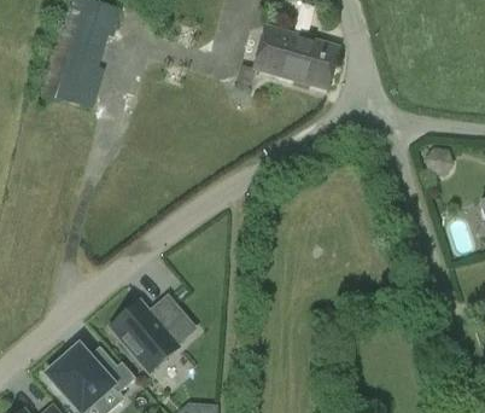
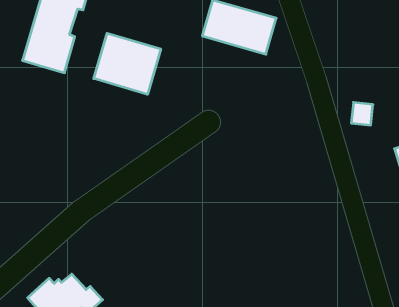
building: none -> [94,33,161,94]
building: [107,292,198,373] -> none

